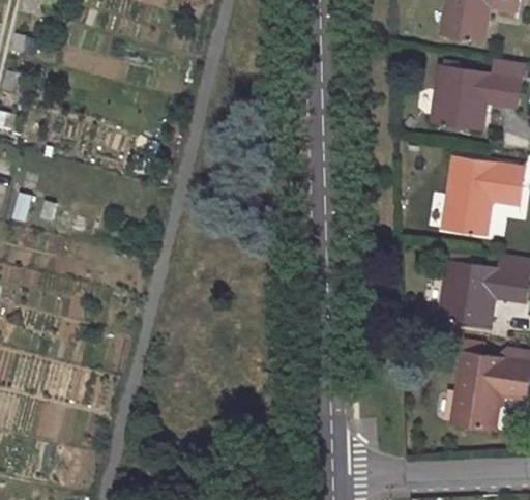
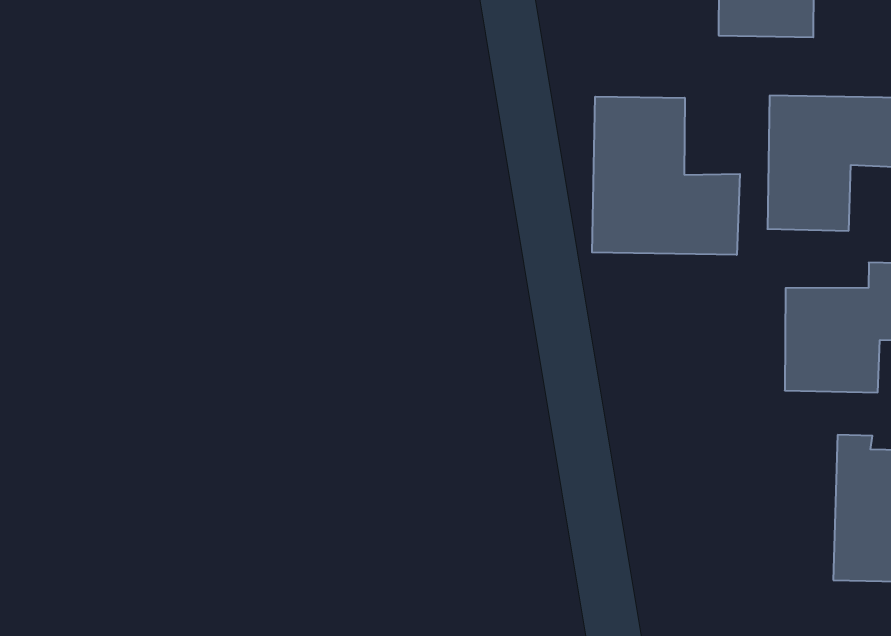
building: none -> [592,97,740,255]

